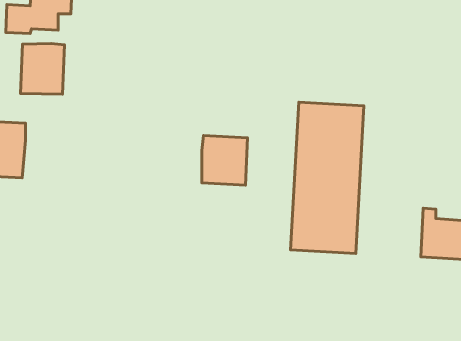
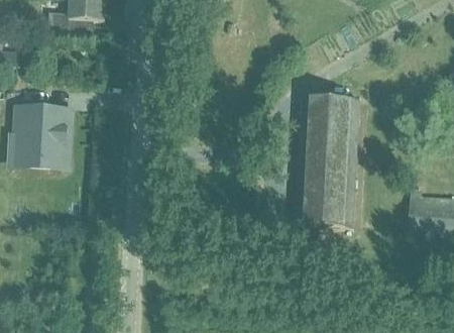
building: [21,44,64,94] -> none
building: [202,136,247,185] -> none

